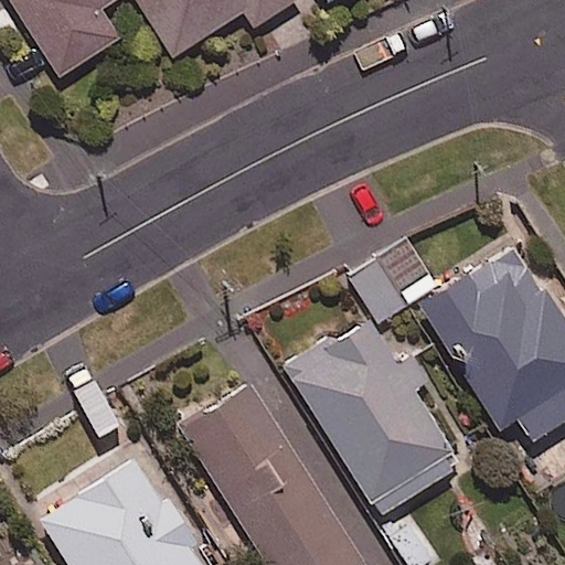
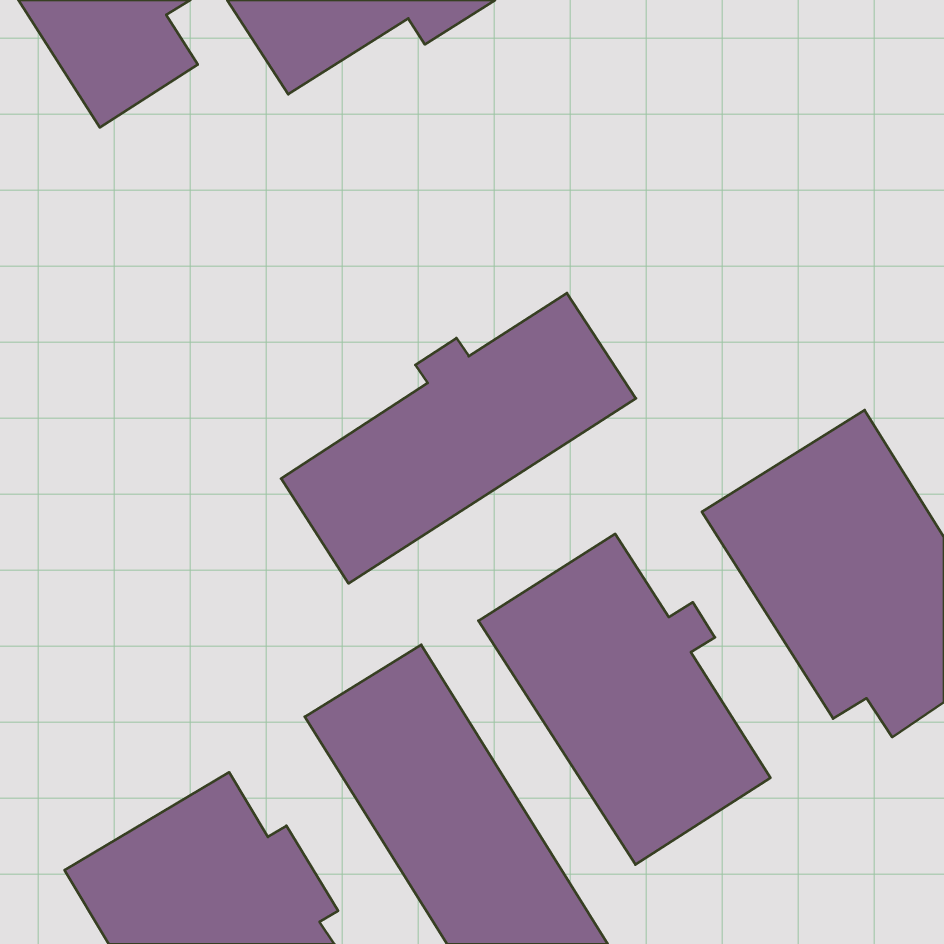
building: none -> [281,293,636,583]

